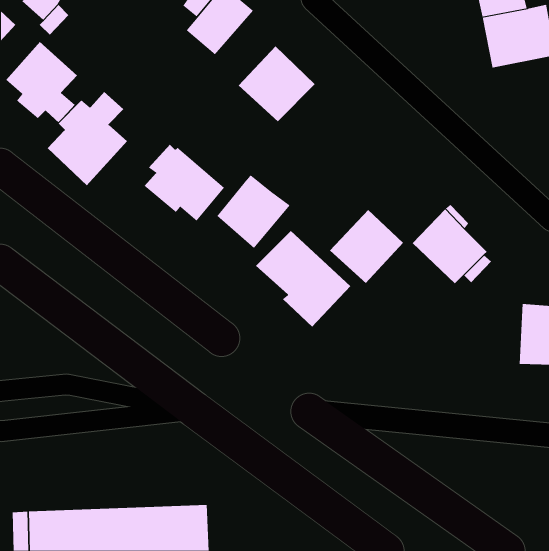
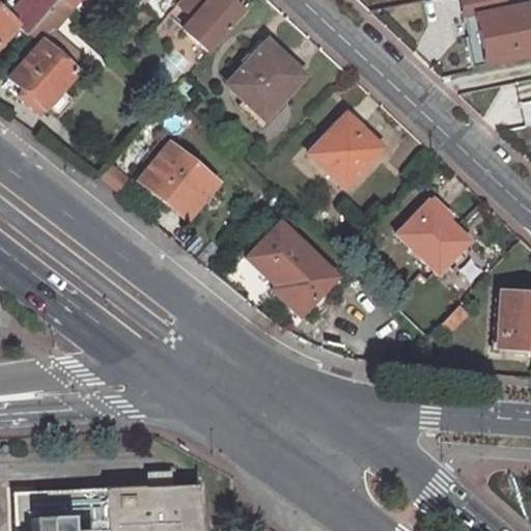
building: [47,91,128,186] -> none
building: [216,174,290,249] -> none
building: [329,209,404,284] -> [309,118,381,190]

